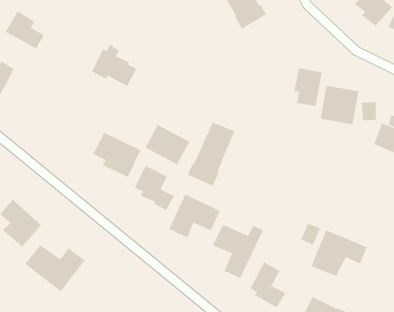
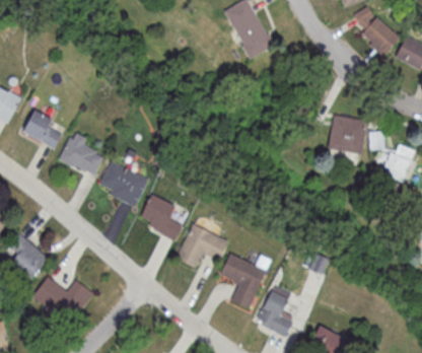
building: [5,11,45,49] -> [23,111,63,149]
building: [91,44,137,87] -> [59,133,104,175]
building: [294,67,322,107] -> none
building: [187,122,235,186] -> none
building: [145,124,190,165] -> none
building: [311,230,368,277] -> none

